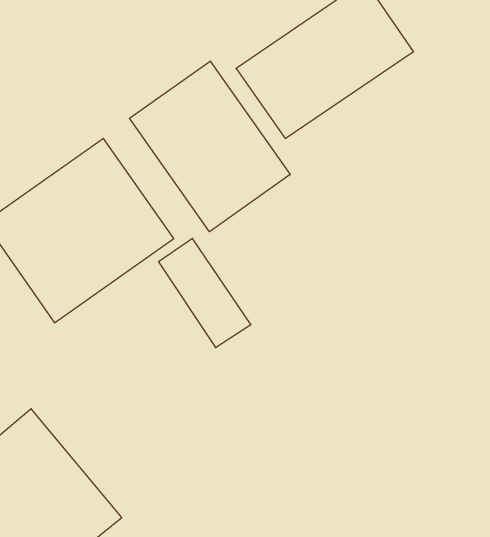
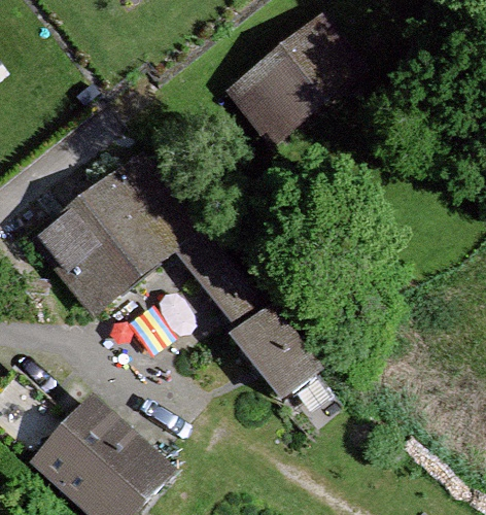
building: [129,61,290,232] -> none
building: none -> [225,302,323,402]

